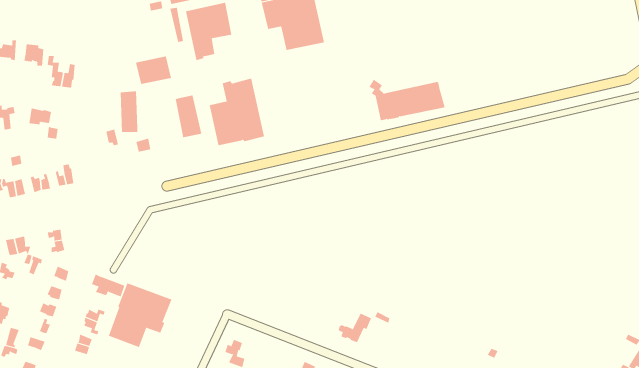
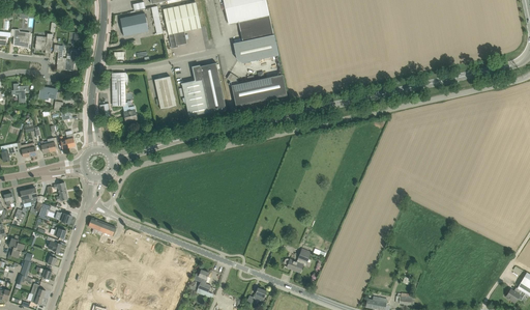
building: none -> [233,34,278,63]
building: [135,56,172,85] -> [119,13,148,36]
building: [368,79,445,121] -> [226,73,287,106]
building: [108,282,172,348] -> none

